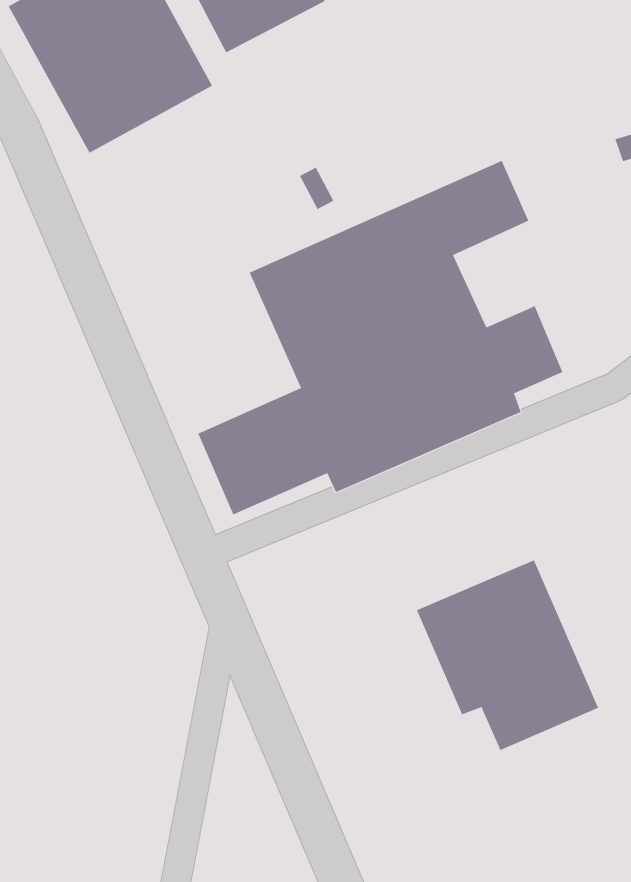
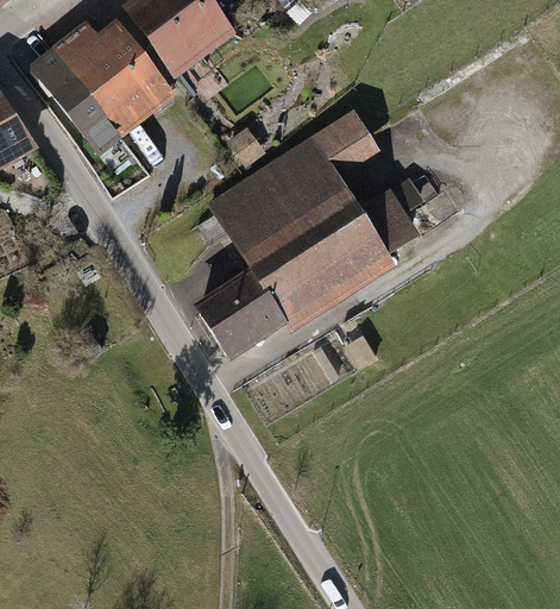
building: [416,560,599,751] -> none

